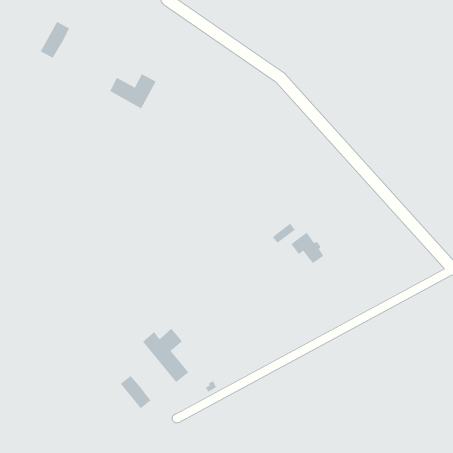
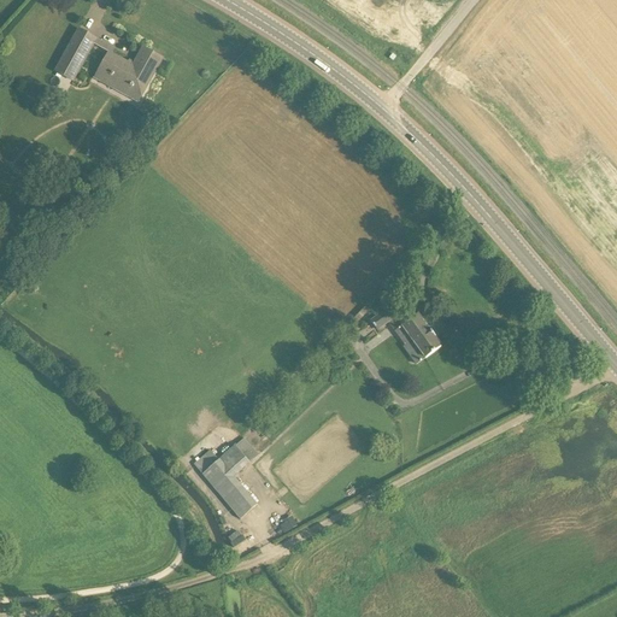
building: [109,74,157,109] -> [98,47,161,95]
building: [120,375,152,409] -> none

